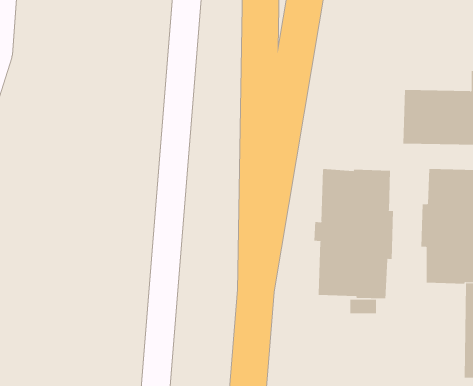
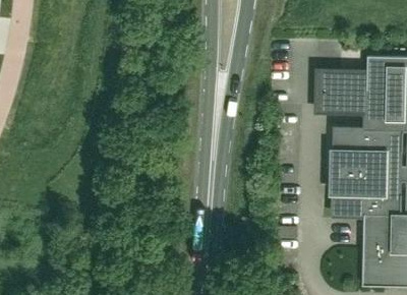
building: [314,168,394,299] -> none

